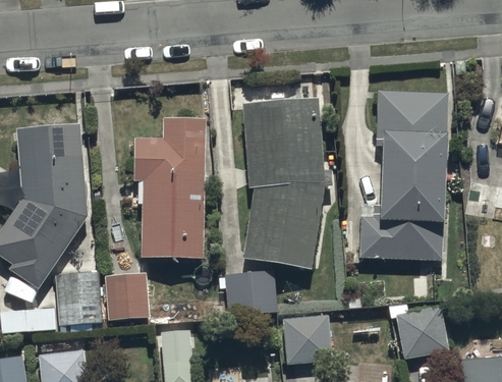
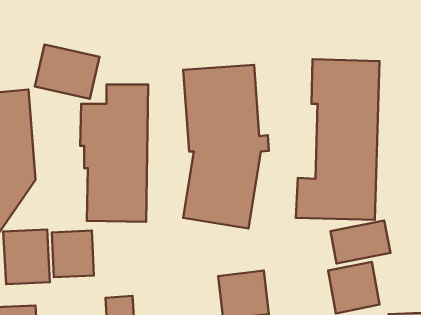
building: none -> [35,44,100,99]
building: none -> [330,220,390,263]
building: [225,272,277,317] -> none

